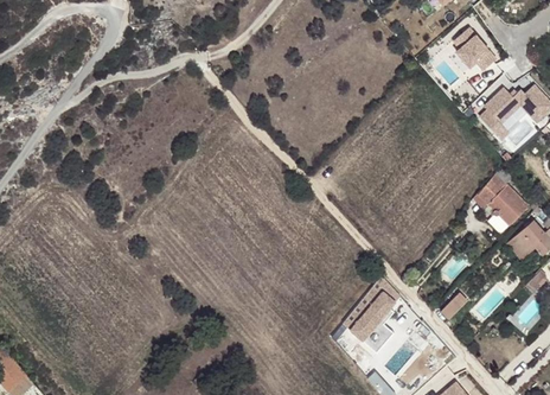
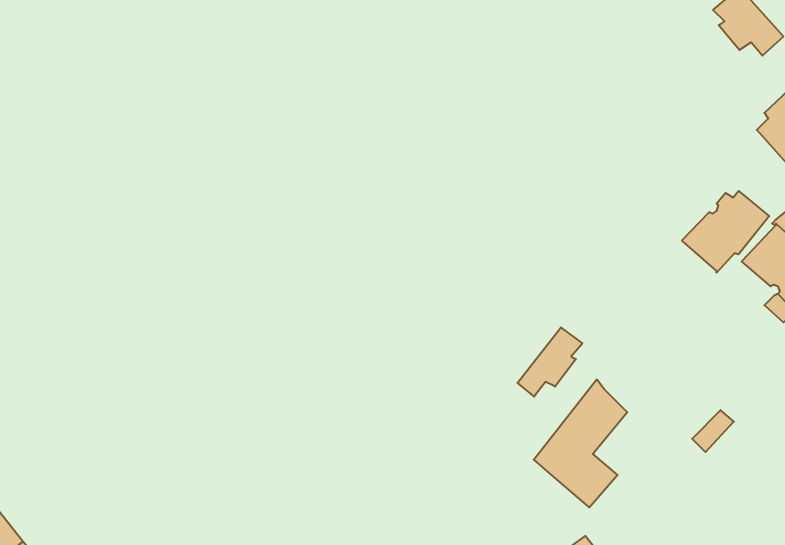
building: none -> [682,191,769,273]
building: none -> [517,327,582,397]

